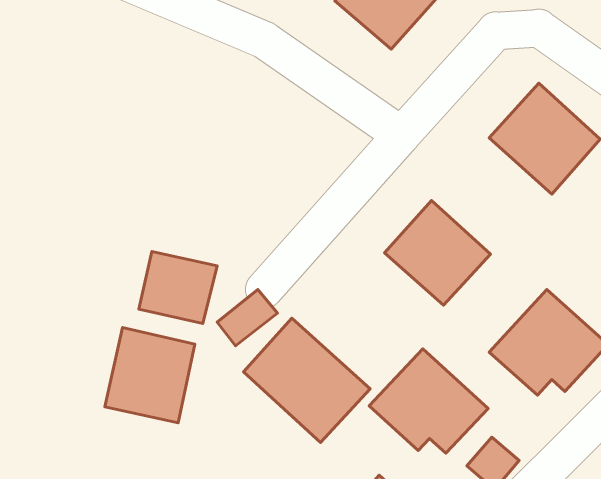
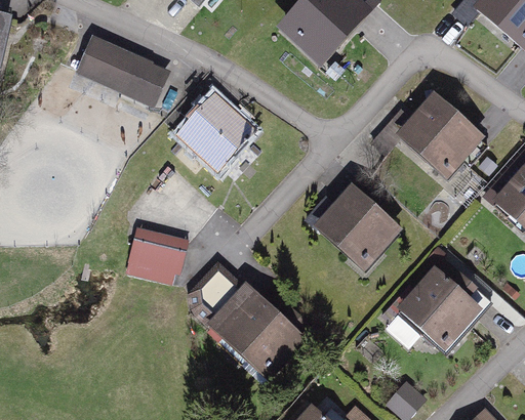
building: none -> [76,36,170,104]
building: none -> [176,94,253,170]
building: [105,327,195,423] -> none
building: [369,349,488,453] -> none

